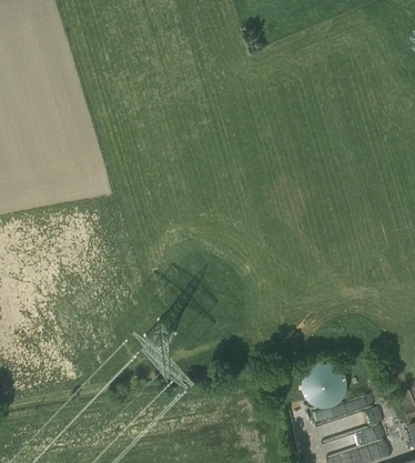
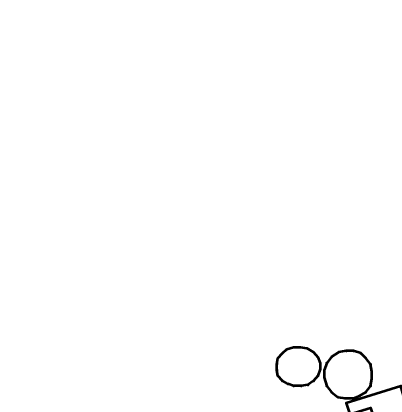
building: none -> [277,347,320,386]

